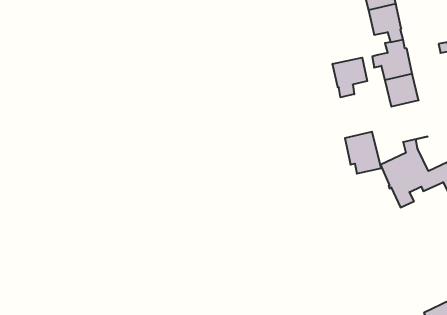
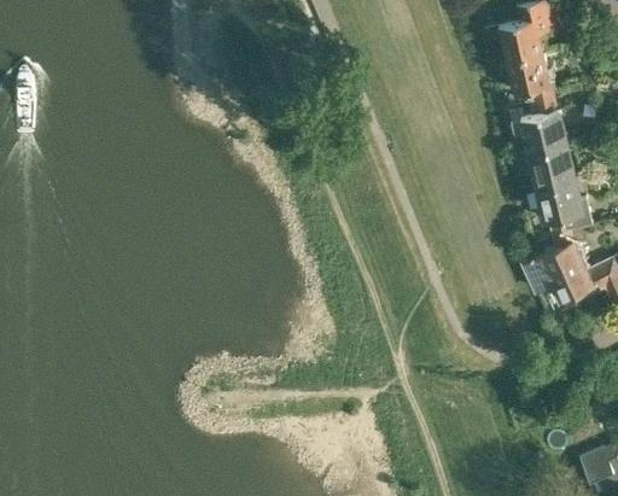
building: [333,58,367,97] -> none
building: [345,132,381,174] -> [537,177,585,233]

